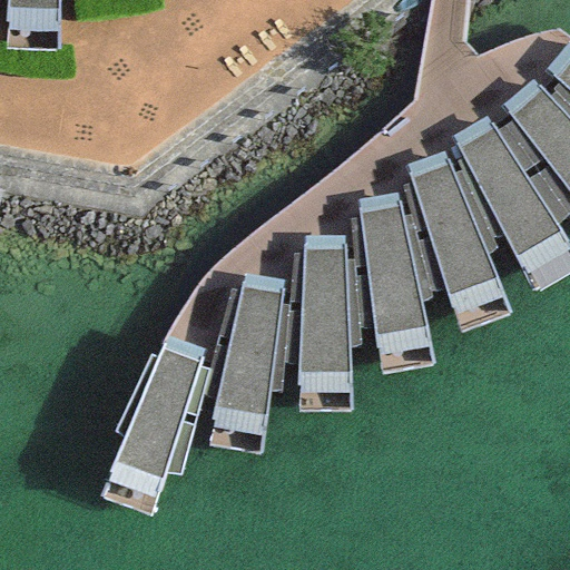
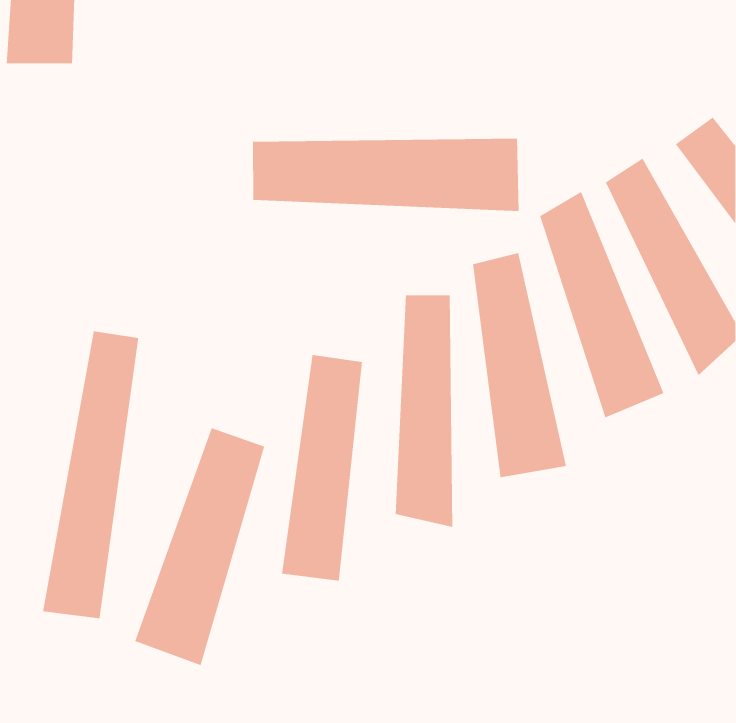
building: none -> [252,138,519,212]
building: none -> [42,330,139,619]

